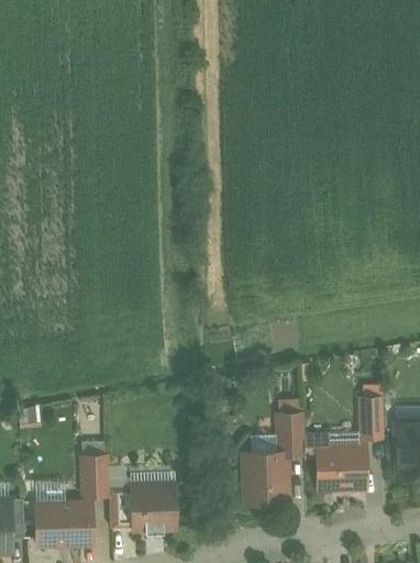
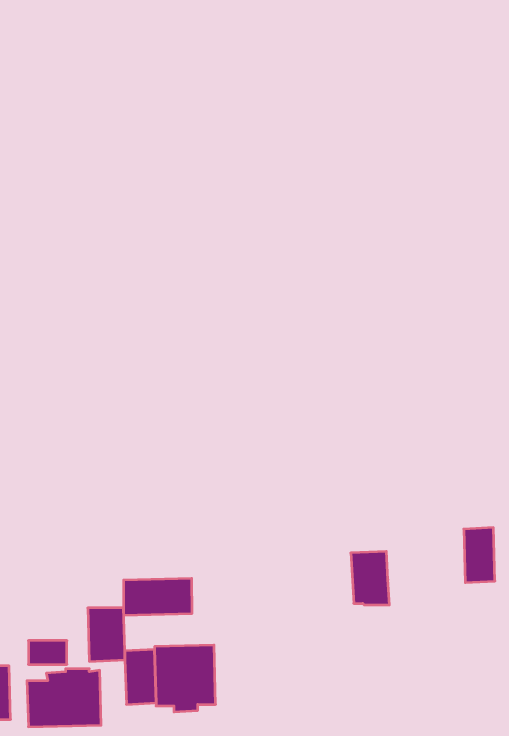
building: [303,433,365,486] -> none
building: none -> [124,578,192,615]
building: [243,452,286,501] -> none

